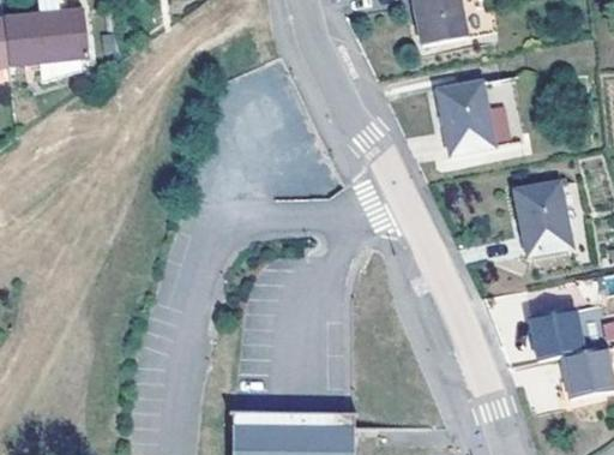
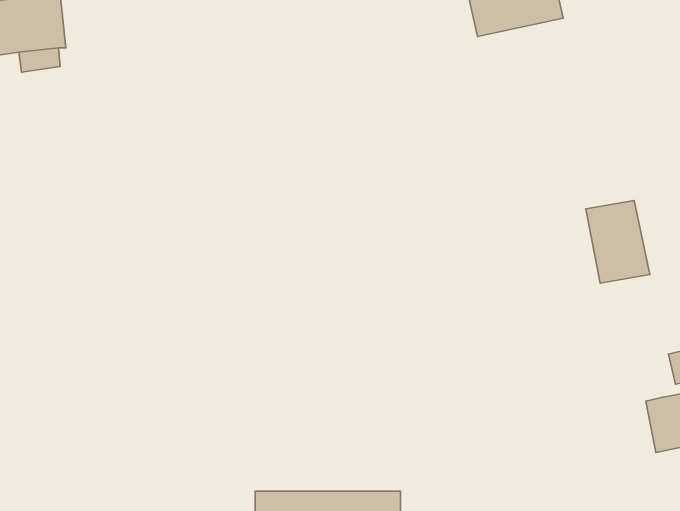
building: [434,76,514,151] -> none
building: [529,307,576,354] -> none

